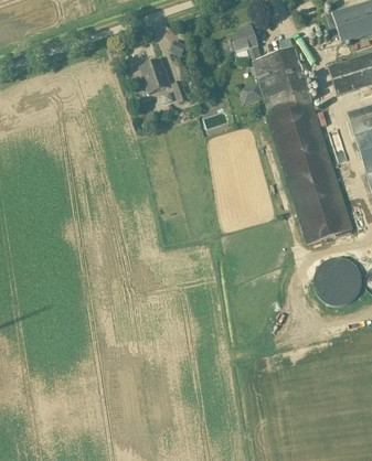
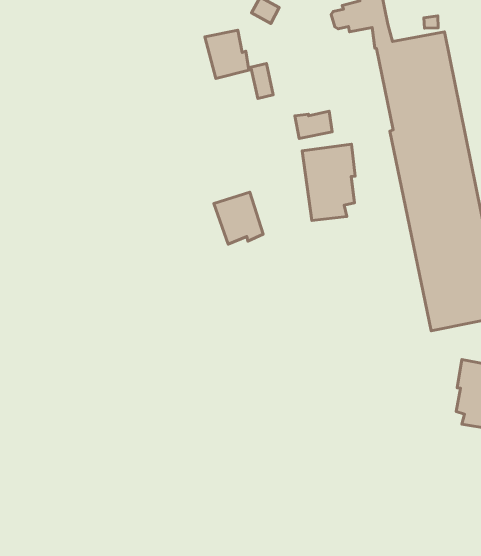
building: none -> [302,144,355,221]
building: none -> [214,192,263,244]

